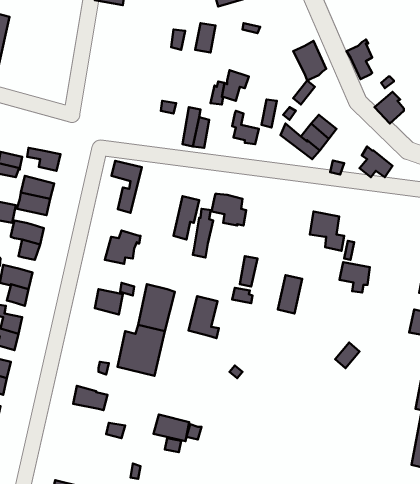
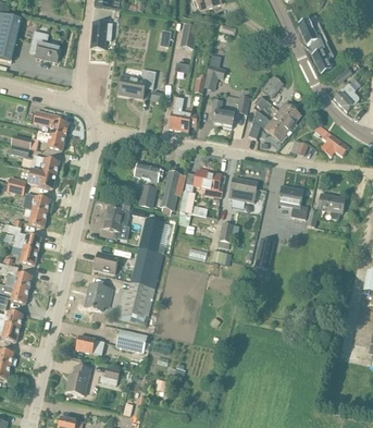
building: none -> [91,22,113,48]
building: none -> [30,30,61,61]
building: [293,41,326,80] -> [298,14,326,48]
building: none -> [119,69,157,97]
building: none -> [34,110,69,136]
building: [111,161,142,213] -> [135,162,161,207]
building: none -> [229,176,258,203]
building: [339,262,370,293] -> [319,193,345,219]
building: [188,296,219,338] -> [139,218,165,254]
building: none -> [86,284,112,310]
building: [154,415,189,441] -> [116,330,147,353]
building: none -> [66,365,90,395]

